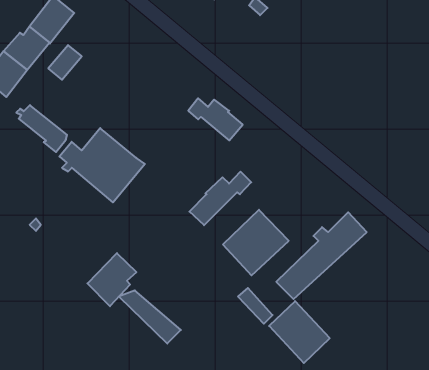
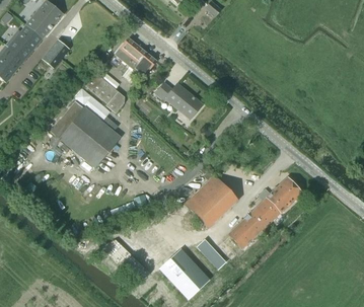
building: none -> [110,37,156,82]
building: [16,105,67,152] -> [83,74,125,112]
building: [189,172,251,225] -> none
building: [87,253,136,306] -> none
building: [269,301,330,363] -> [159,248,209,299]

